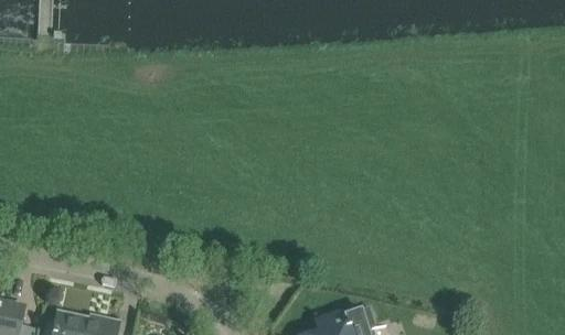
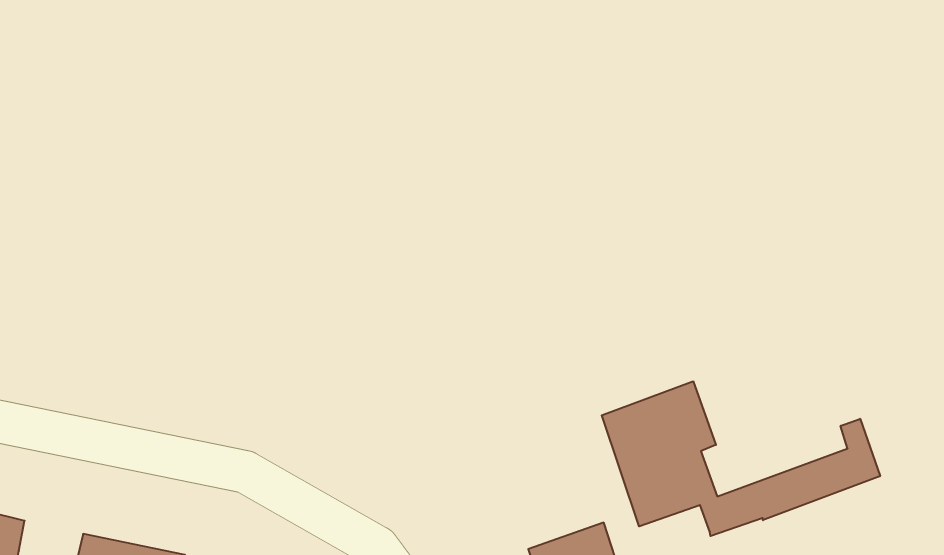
building: none -> [602,381,880,536]

